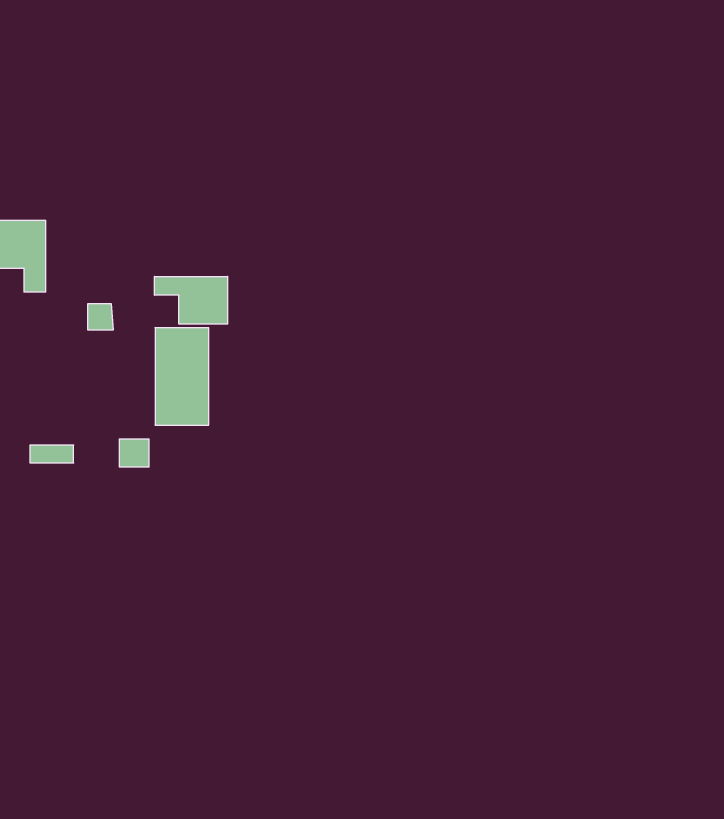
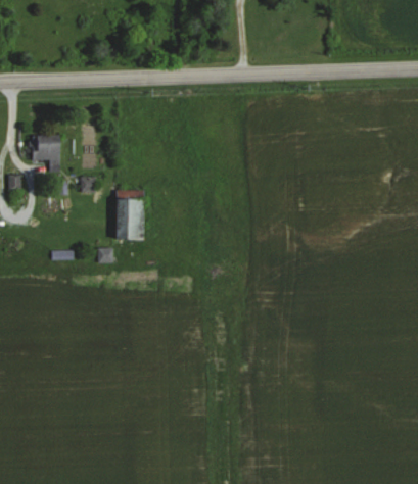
building: [155,276,228,324] -> none

